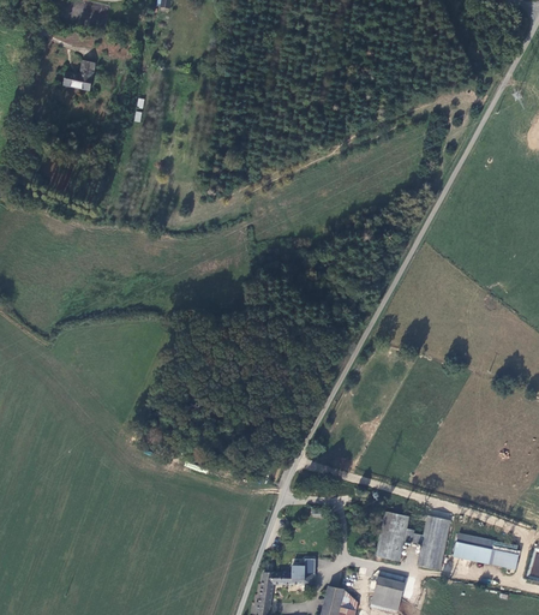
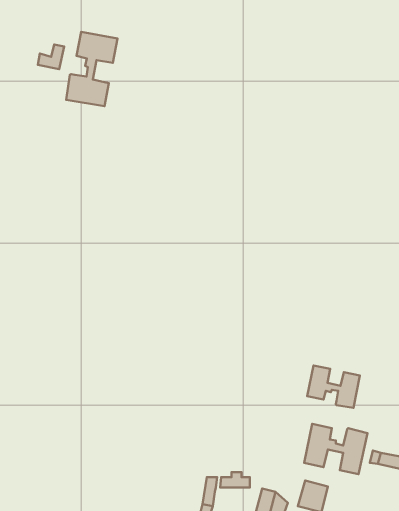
building: none -> [66,32,118,106]
building: none -> [307,365,360,408]

